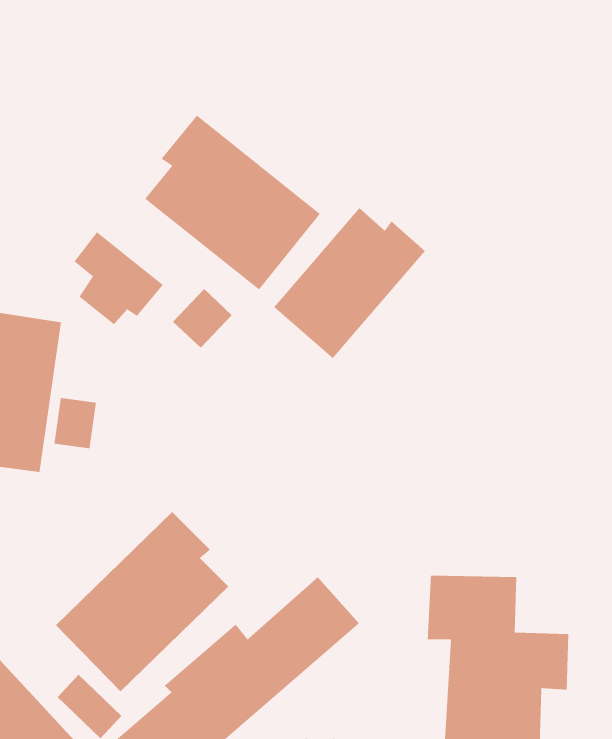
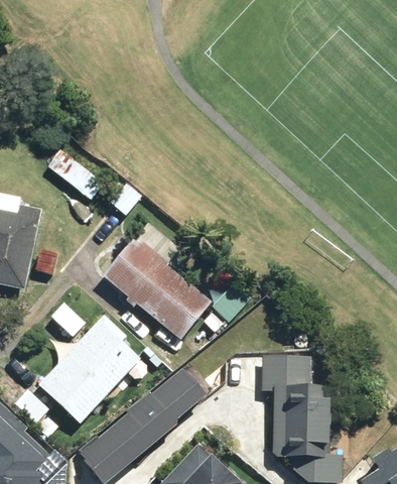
building: [144,115,321,291] -> none
building: [273,207,426,359] -> none
building: none -> [100,222,226,347]

